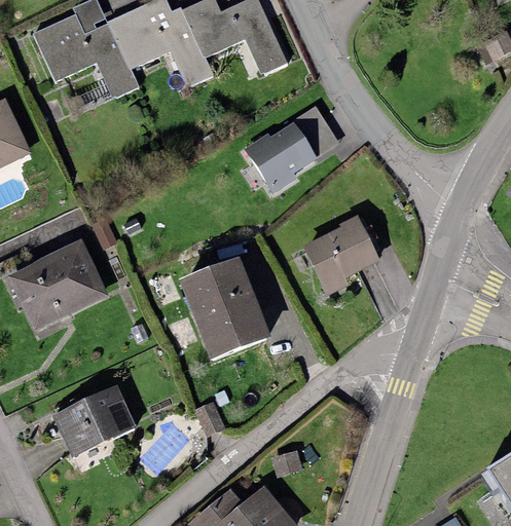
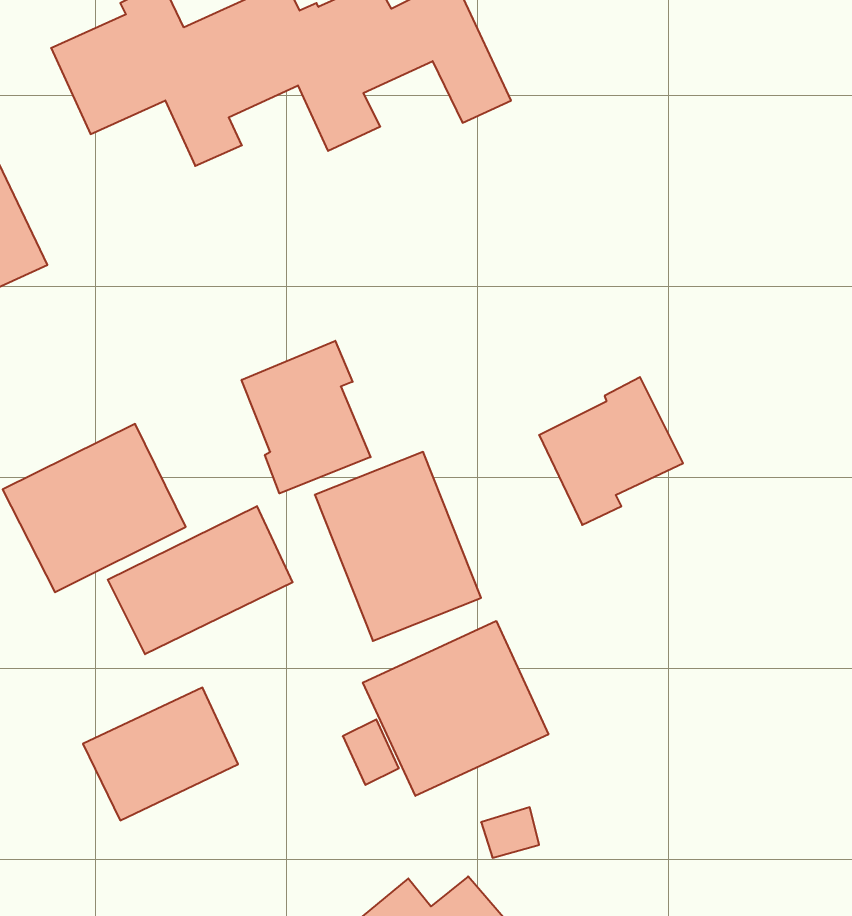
building: [243,108,338,194] -> none
building: none -> [242,341,371,493]
building: none -> [108,506,293,654]
building: none -> [363,621,548,796]

